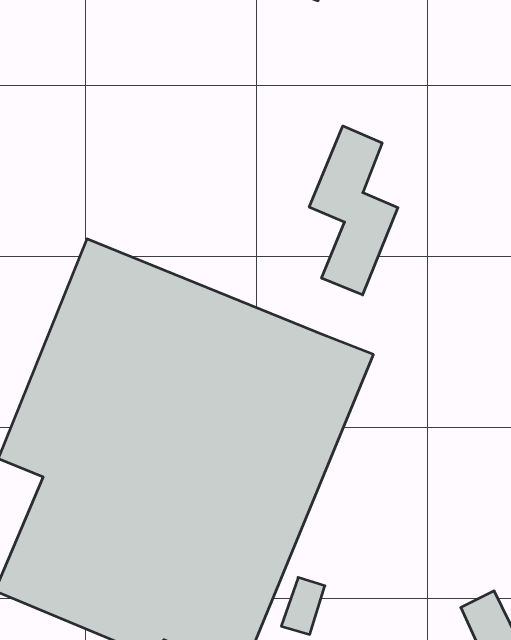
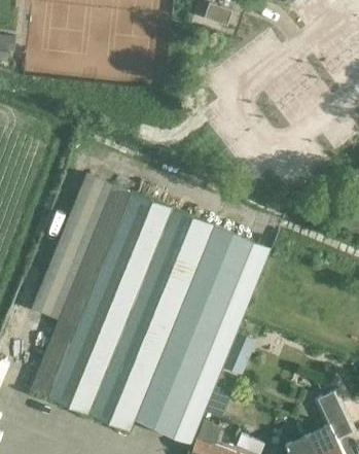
building: [309,126,398,295] -> none

